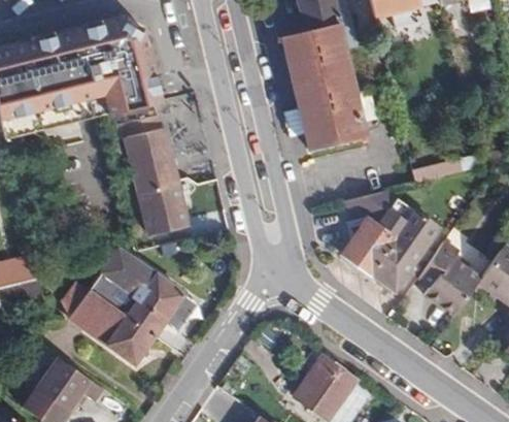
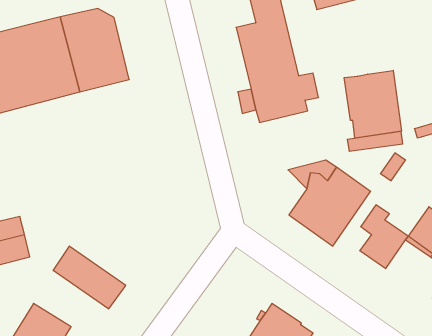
building: none -> [344,70,402,138]
building: [123,116,189,236] -> none
building: [91,247,200,335] -> none

